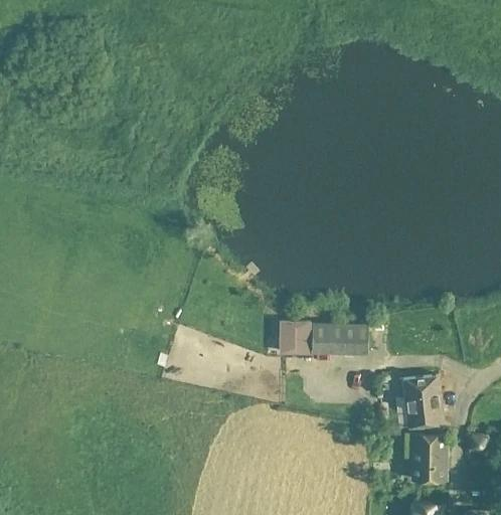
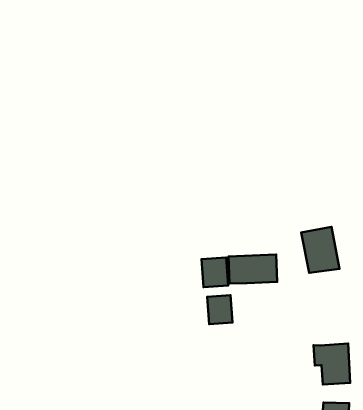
building: none -> [207,295,232,324]
building: [401,376,444,428] -> [301,227,340,273]

